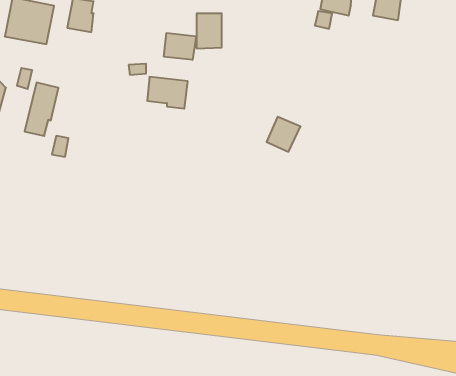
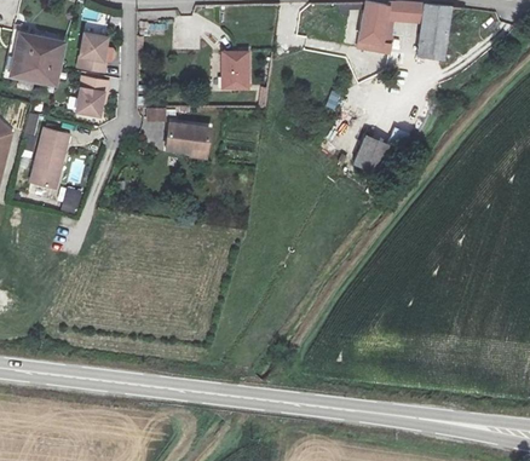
building: [164,33,196,60] -> none
building: none -> [76,77,108,115]
building: [267,117,301,152] -> [353,136,391,174]

